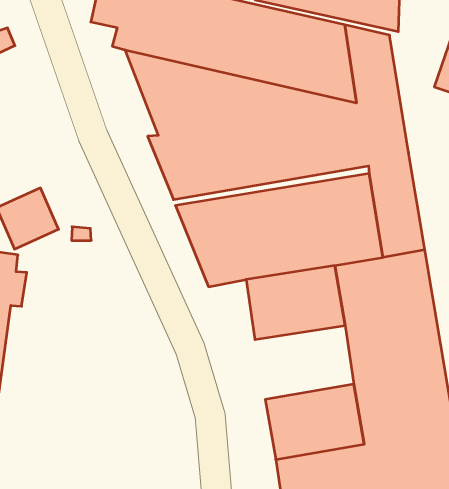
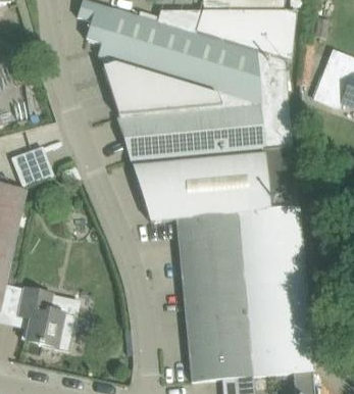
building: none -> [180,254,244,300]
building: none -> [19,288,75,346]

